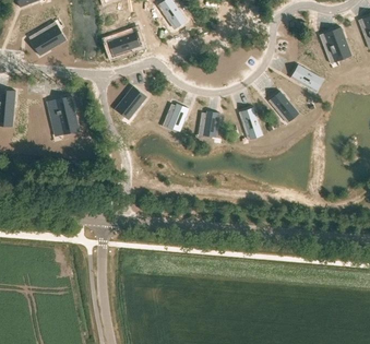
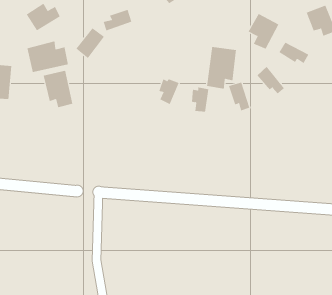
building: none -> [248,13,279,50]
building: none -> [27,41,68,73]
building: none -> [206,46,237,90]
building: [115,86,145,119] -> [75,27,105,59]

